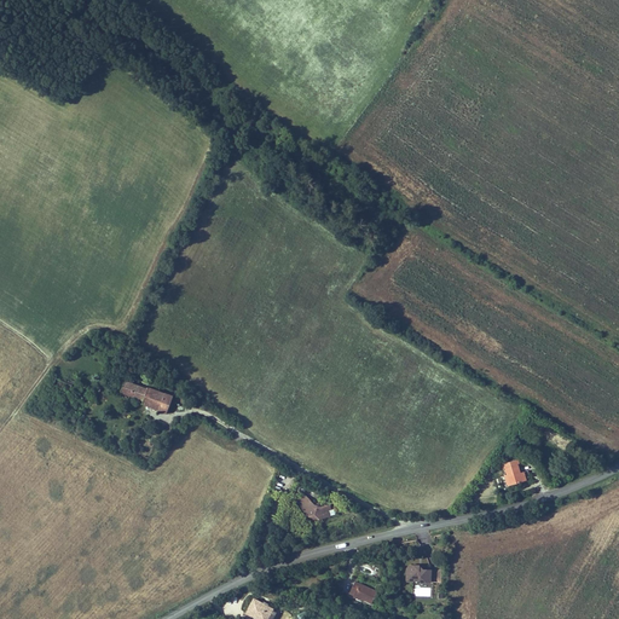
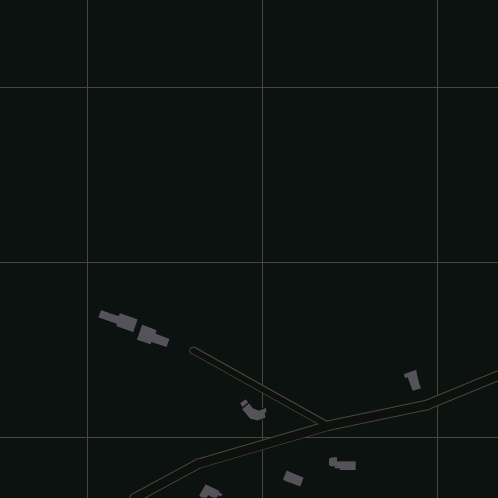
building: none -> [136,324,170,348]

